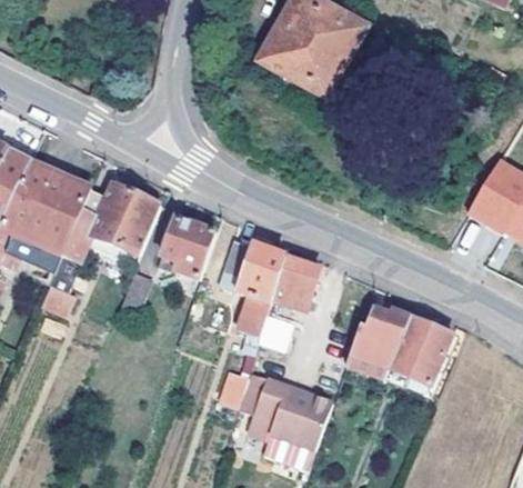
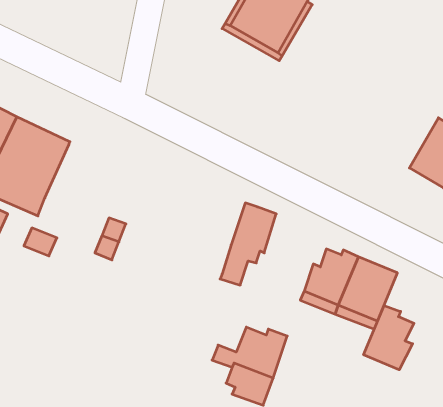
building: [62,180,160,258] -> none
building: [158,216,217,276] -> none
building: [220,237,284,332] -> none
building: none -> [364,305,414,370]
building: [230,368,310,428] -> none

